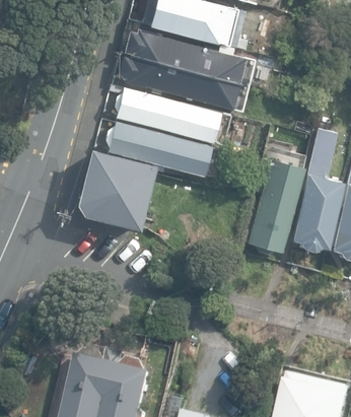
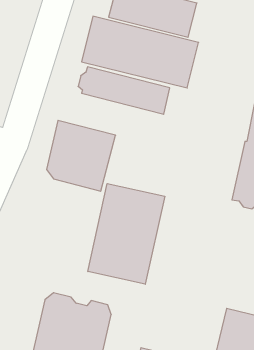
building: [104,120,210,176] -> none
building: [247,159,302,253] -> none
building: none -> [88,184,165,284]

